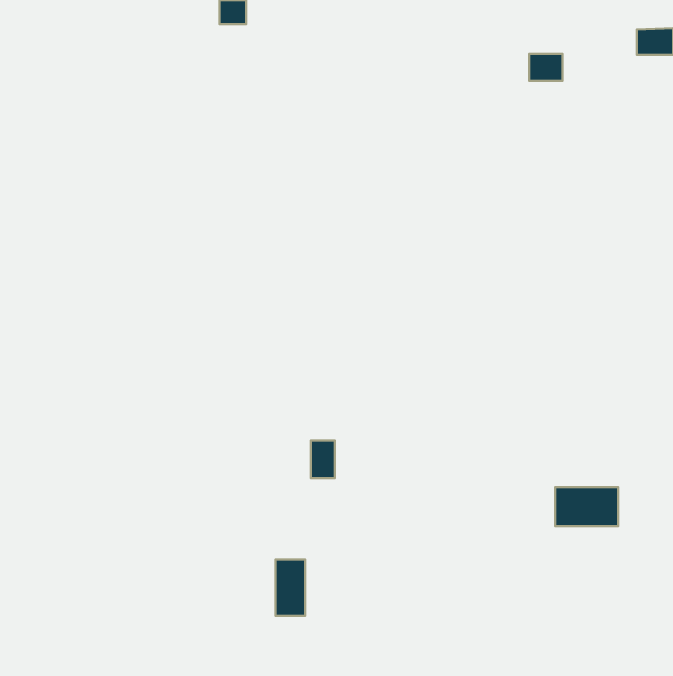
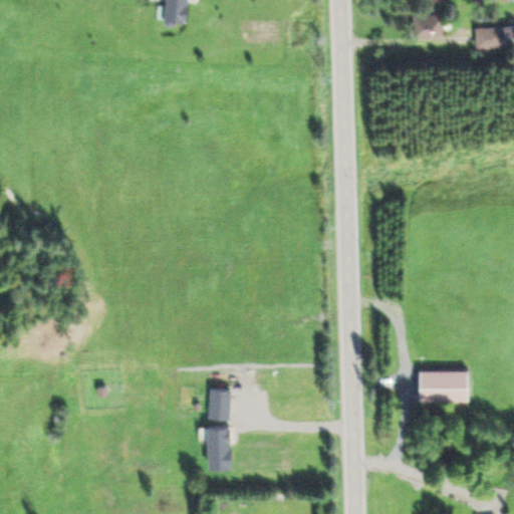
building: [529,54,563,81] -> [414,18,439,38]
building: [311,441,335,478] -> [212,390,230,418]

